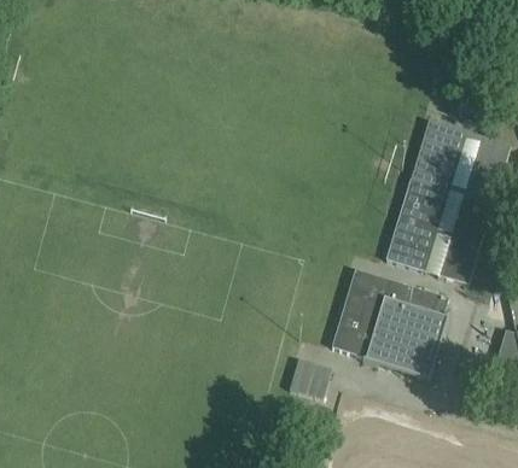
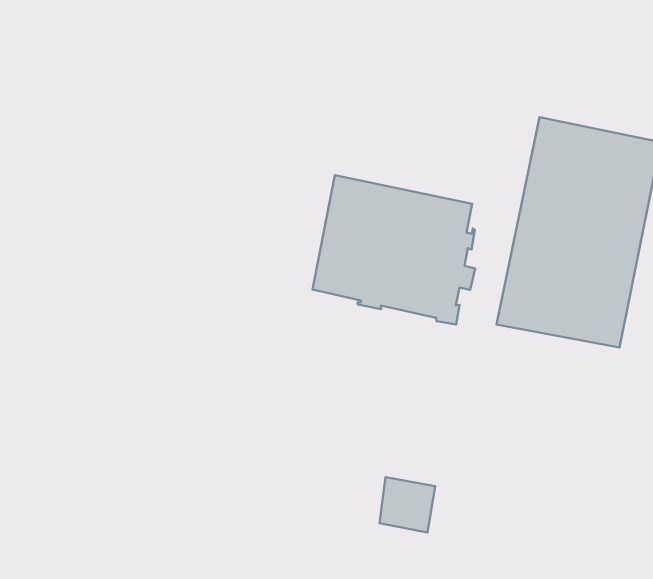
building: [332,268,448,379] -> [313,175,475,325]

